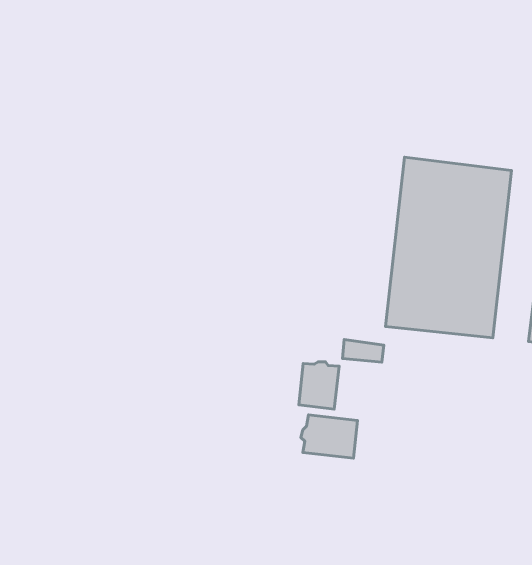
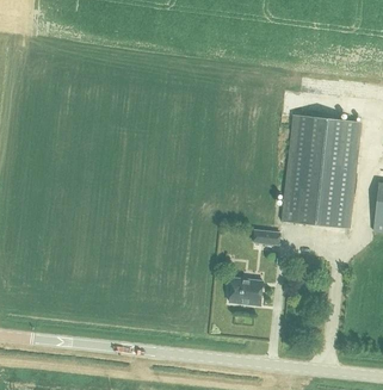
building: [299,362,339,409] -> none

